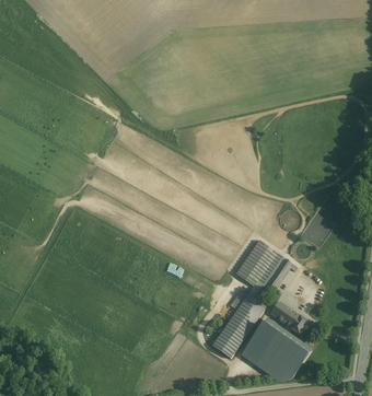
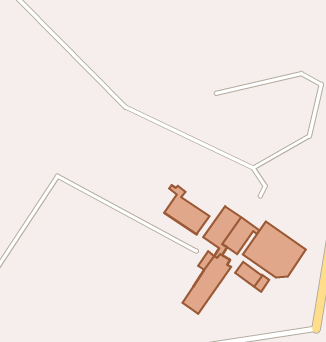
building: none -> [164,185,209,234]
building: [242,318,311,380] -> [243,222,306,278]

